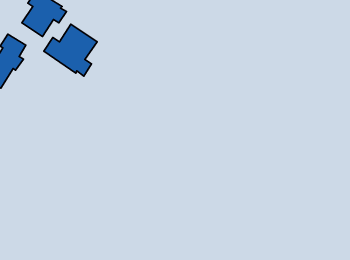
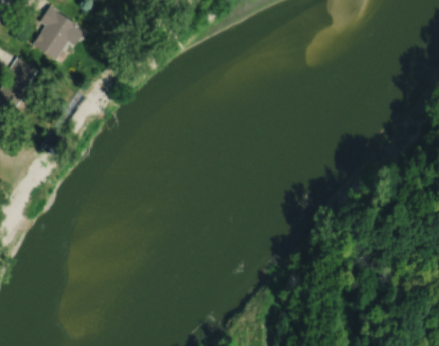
building: [44,24,97,76] -> none

